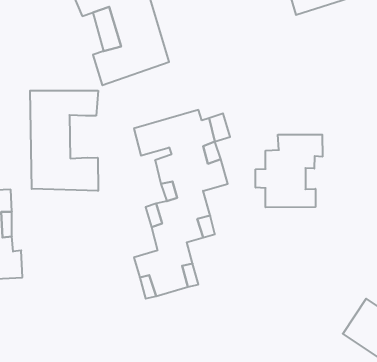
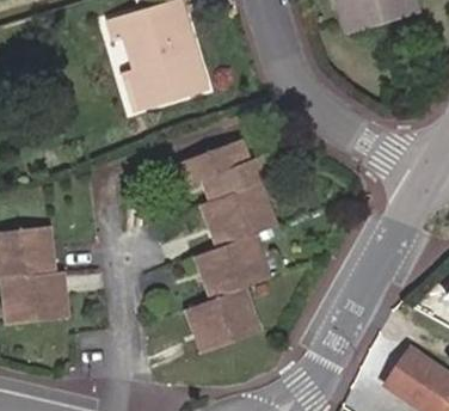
building: [30,91,98,191] -> none
building: [256,135,322,207] -> none

